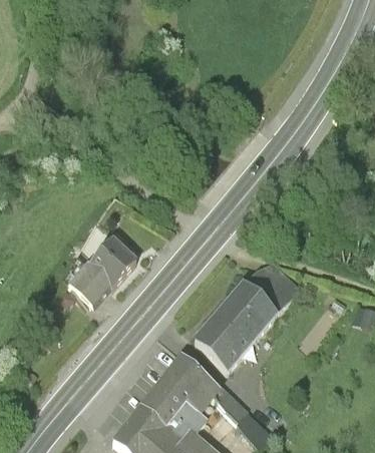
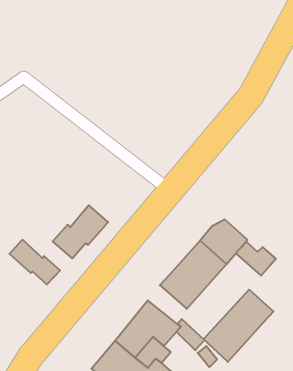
building: none -> [9,240,60,285]
building: none -> [236,242,276,276]
building: none -> [204,290,273,362]

